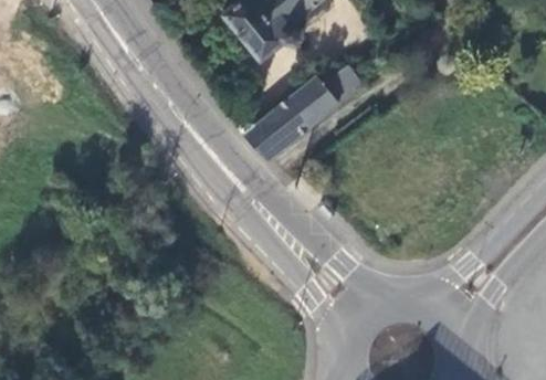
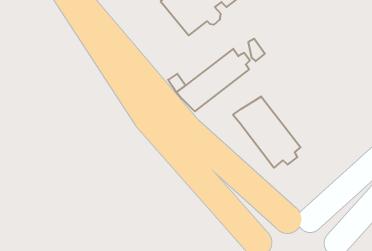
building: none -> [233,96,301,168]

